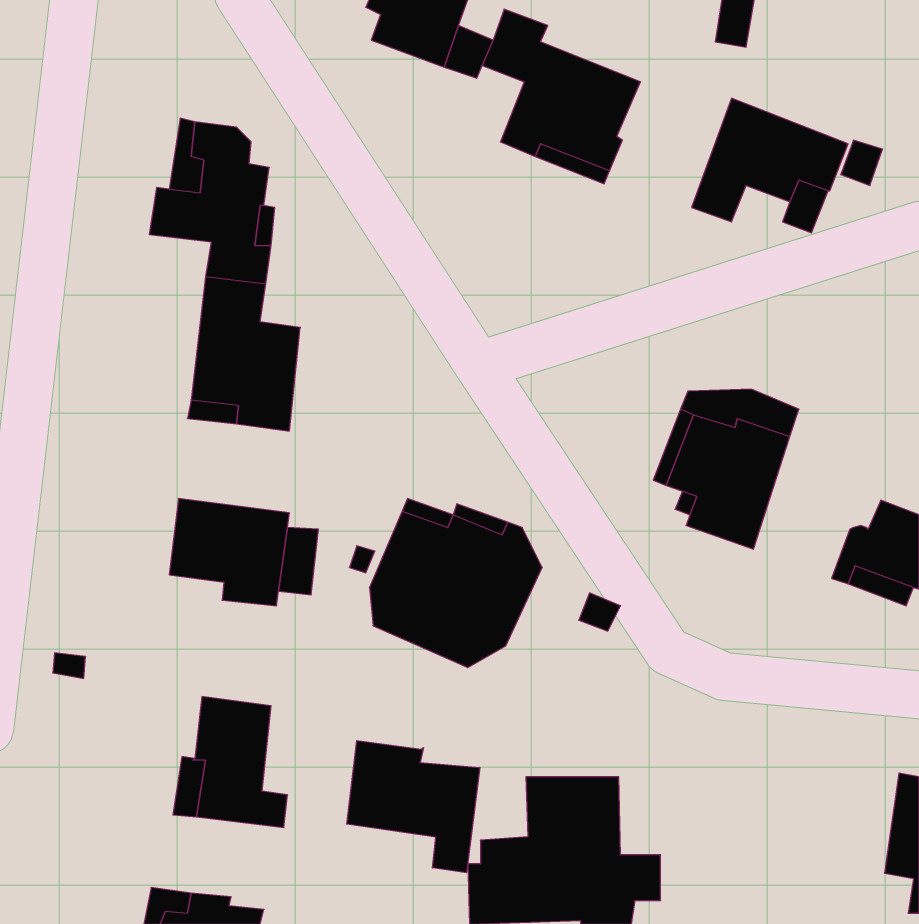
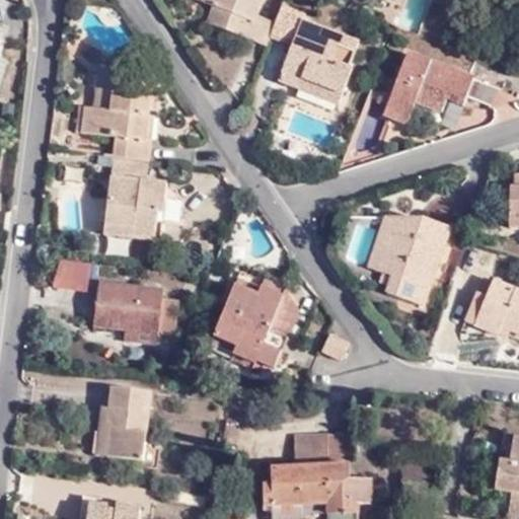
building: none -> [53,255,83,286]
building: [347,741,480,873] -> none

